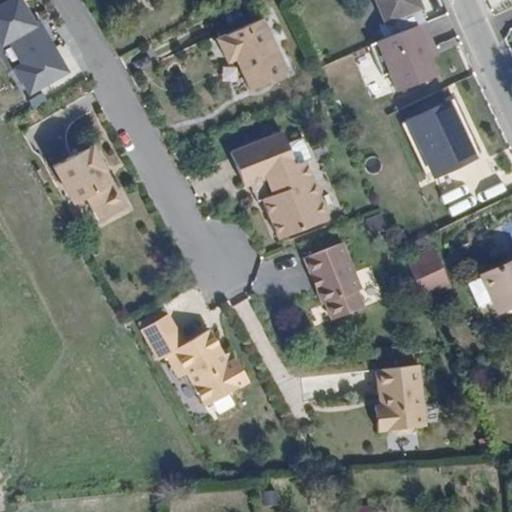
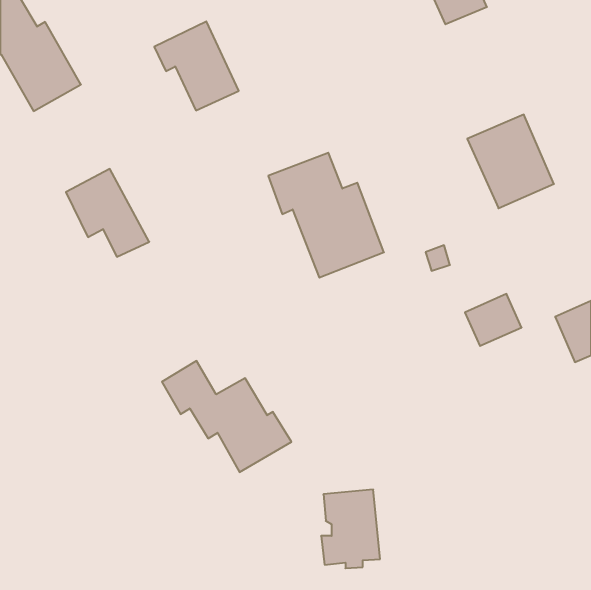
building: [214,13,287,90] -> [154,21,239,110]
building: [376,21,441,92] -> none
building: [303,240,364,318] -> none
building: [376,365,427,433] -> [321,490,380,568]

